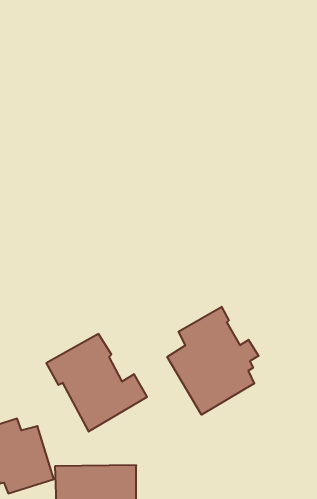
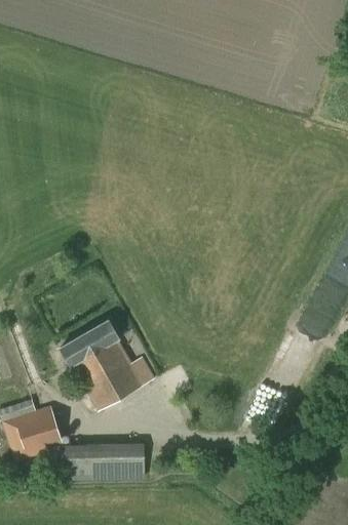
building: [167,307,259,415] -> none

